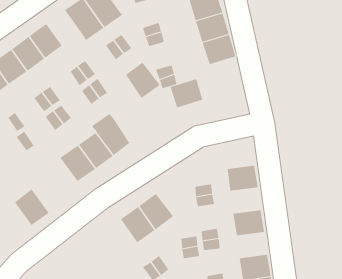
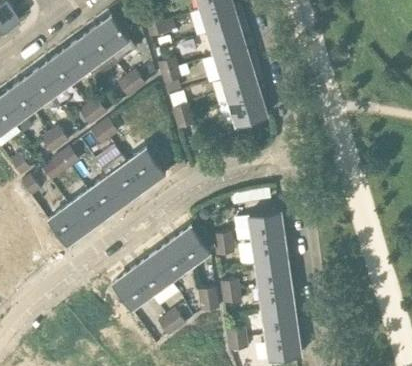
building: none -> [54,45,90,83]
building: [125,62,161,99] -> [127,148,165,188]
building: [170,78,203,108] -> [229,95,265,127]
building: none -> [172,228,210,267]
building: none -> [251,236,285,264]
building: [14,189,50,226] -> [49,204,87,244]
building: none -> [113,270,151,310]
building: none -> [258,284,292,312]

